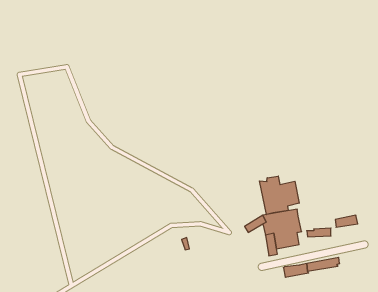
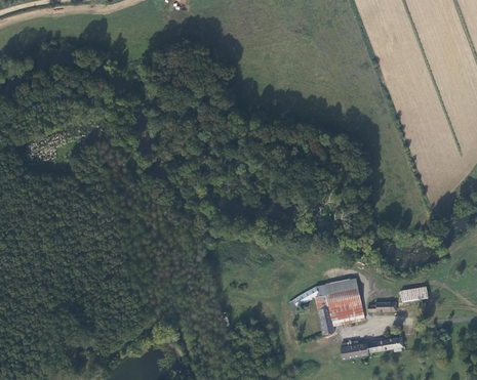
building: [259,176,299,215] -> none

